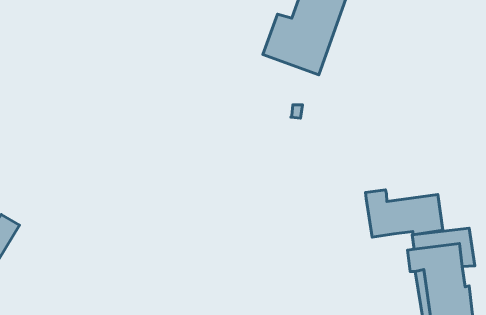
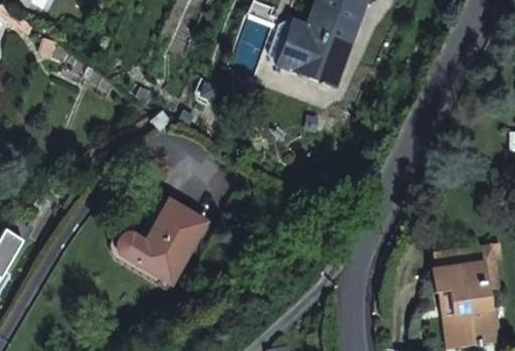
building: none -> [118,200,207,284]
building: [365,190,443,237] -> none

